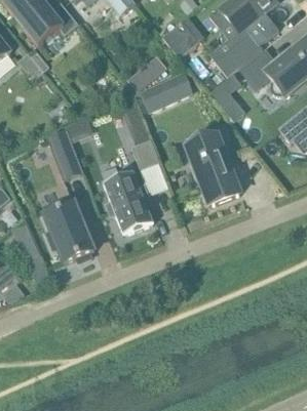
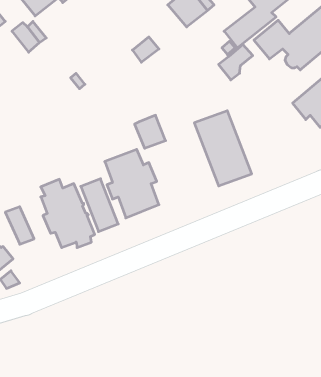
building: [153,72,190,104] -> none
building: [121,104,150,143] -> none
building: [47,128,82,177] -> [81,179,118,232]

